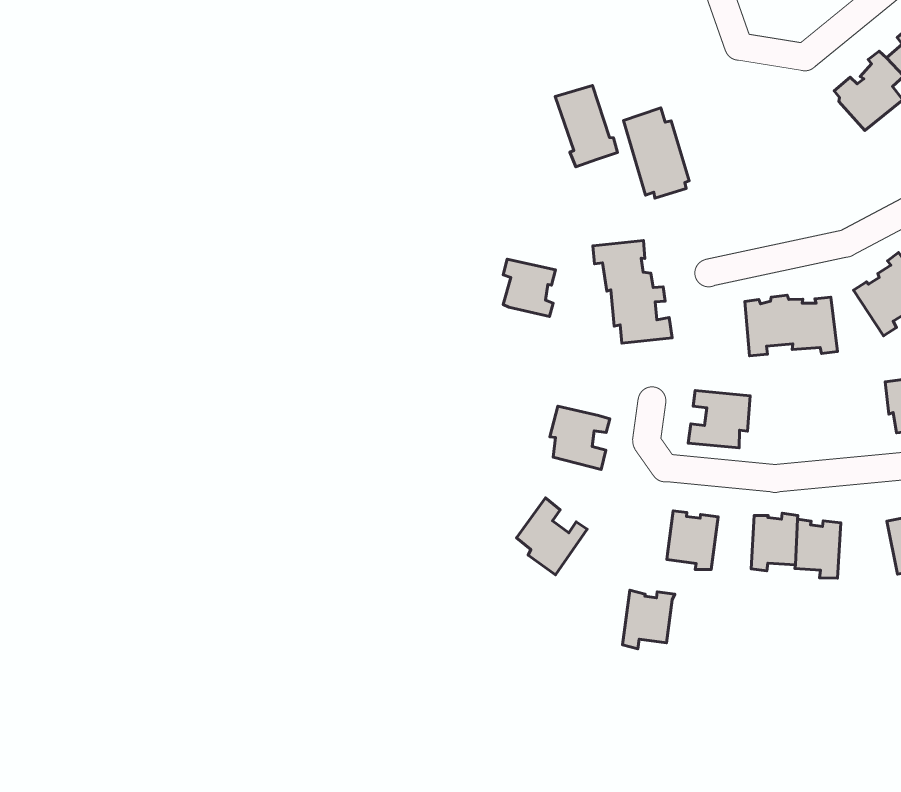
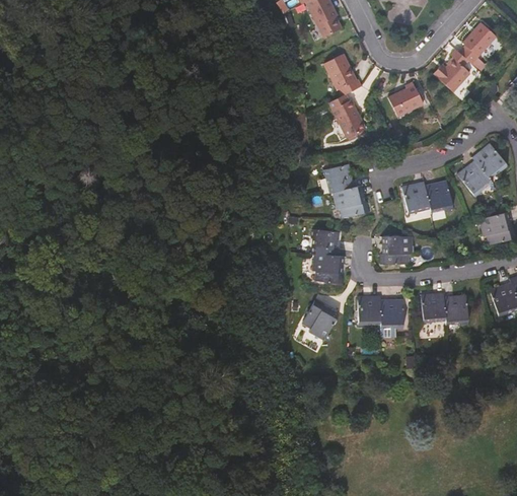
building: [555,86,617,167] -> [322,56,358,98]
building: none -> [388,82,424,117]
building: [503,259,556,317] -> [310,228,338,255]
building: [622,590,675,649] -> [359,295,382,326]

